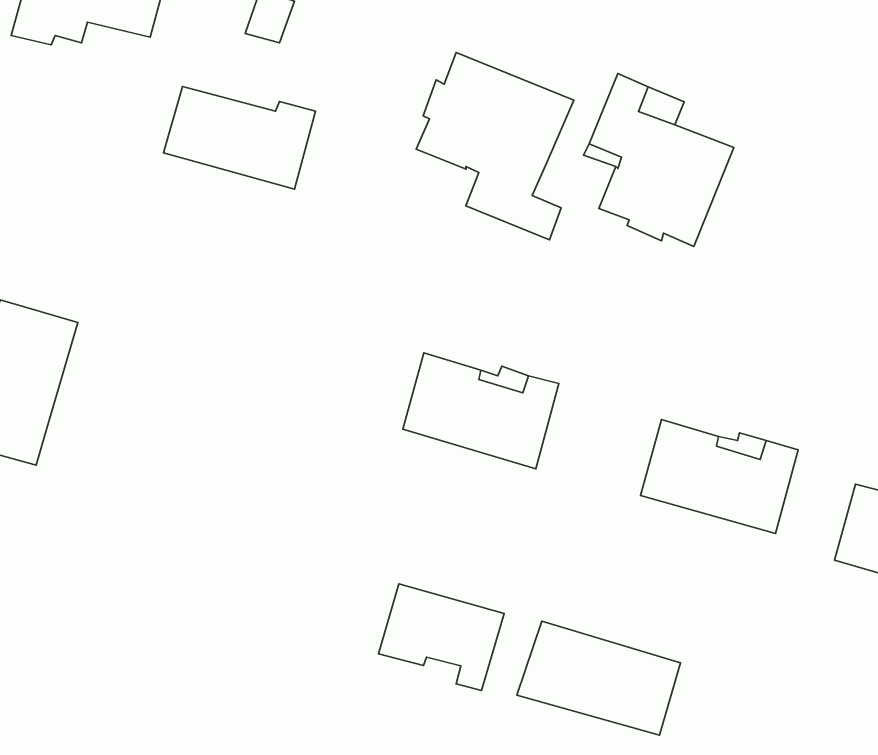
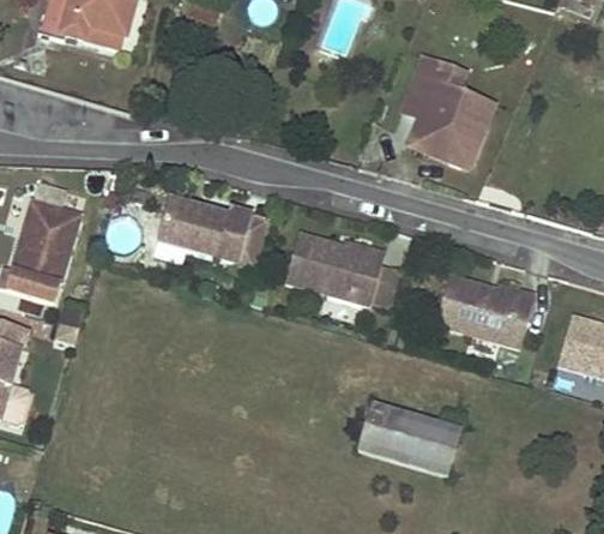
building: [416,52,574,240] -> none
building: [163,86,316,189] -> [157,199,253,264]
building: [378,584,504,691] -> none

